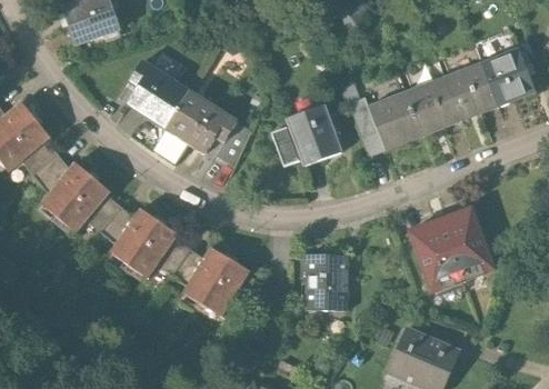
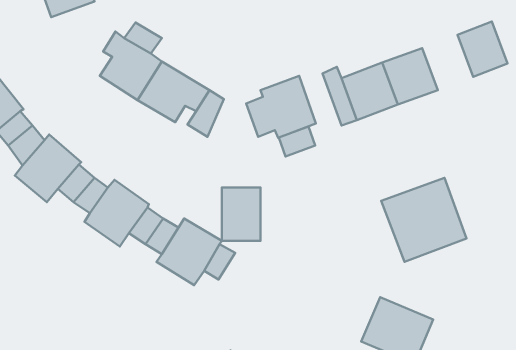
building: [448,62,499,118] -> none
building: none -> [279,127,315,156]
building: [308,255,347,308] -> [222,188,261,241]

